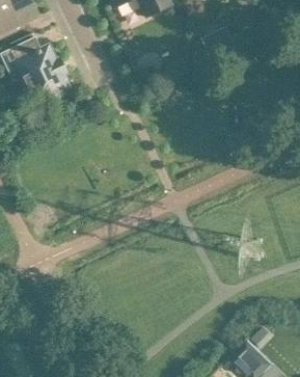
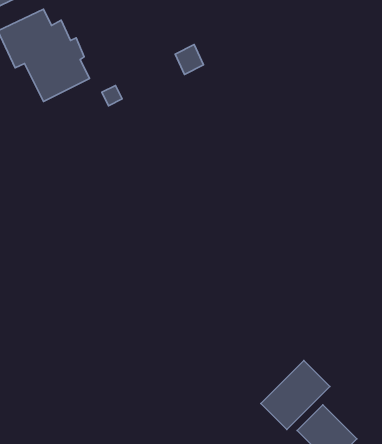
building: none -> [261,360,330,429]

